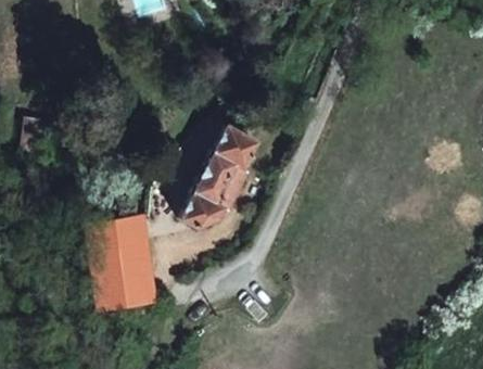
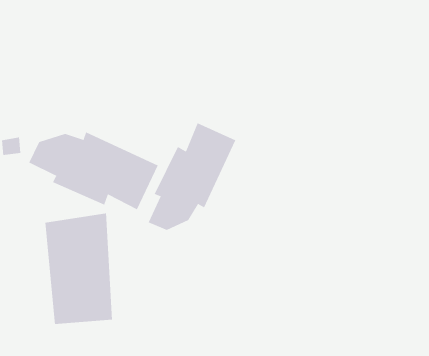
building: none -> [28,132,159,210]

